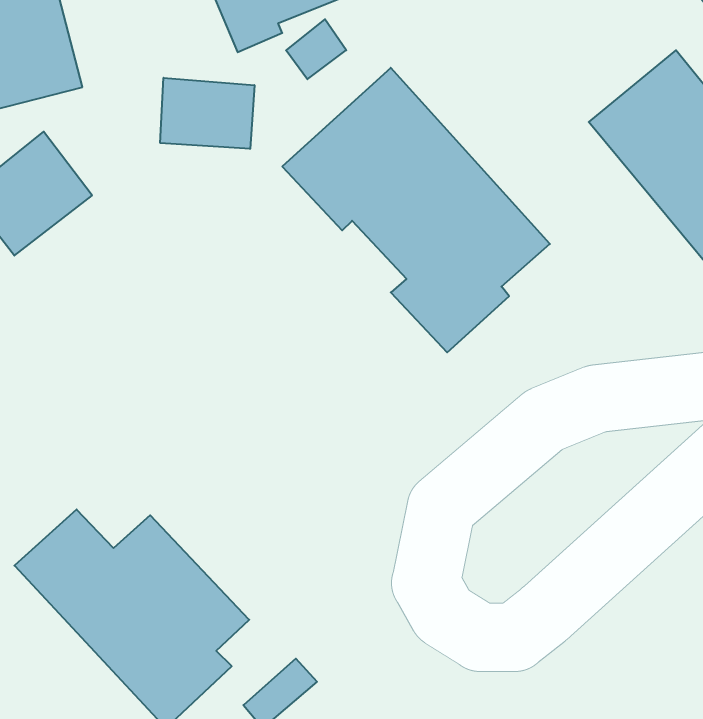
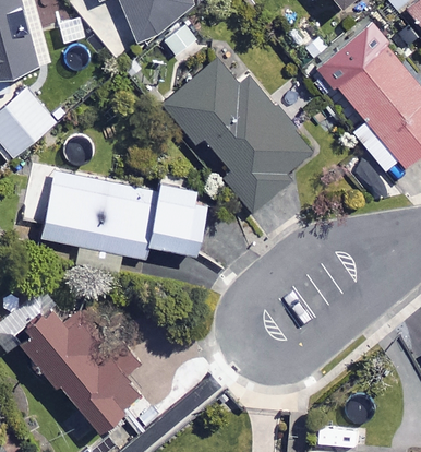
building: [160,78,254,149] -> none
building: none -> [29,170,205,274]

